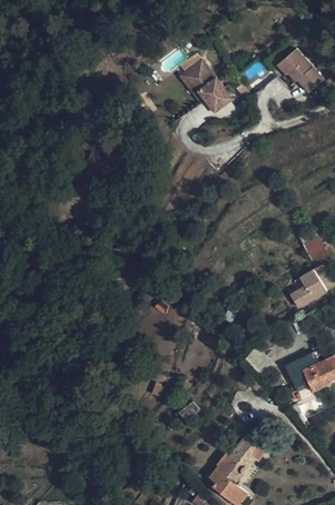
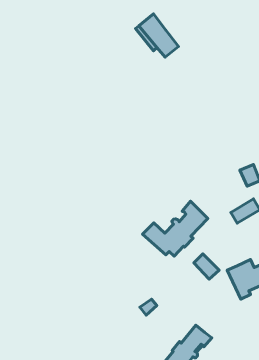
building: [274,41,318,87] -> none
building: none -> [143,201,208,256]

